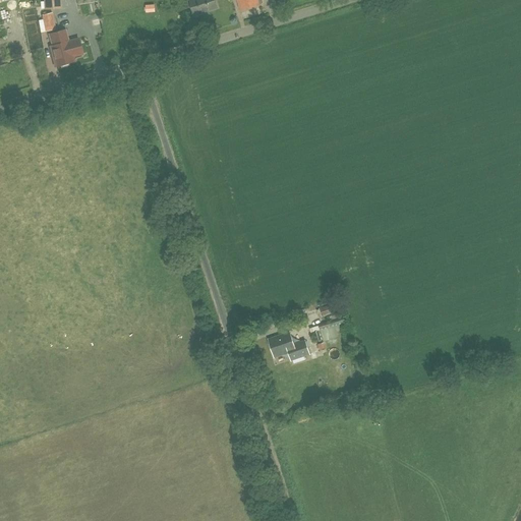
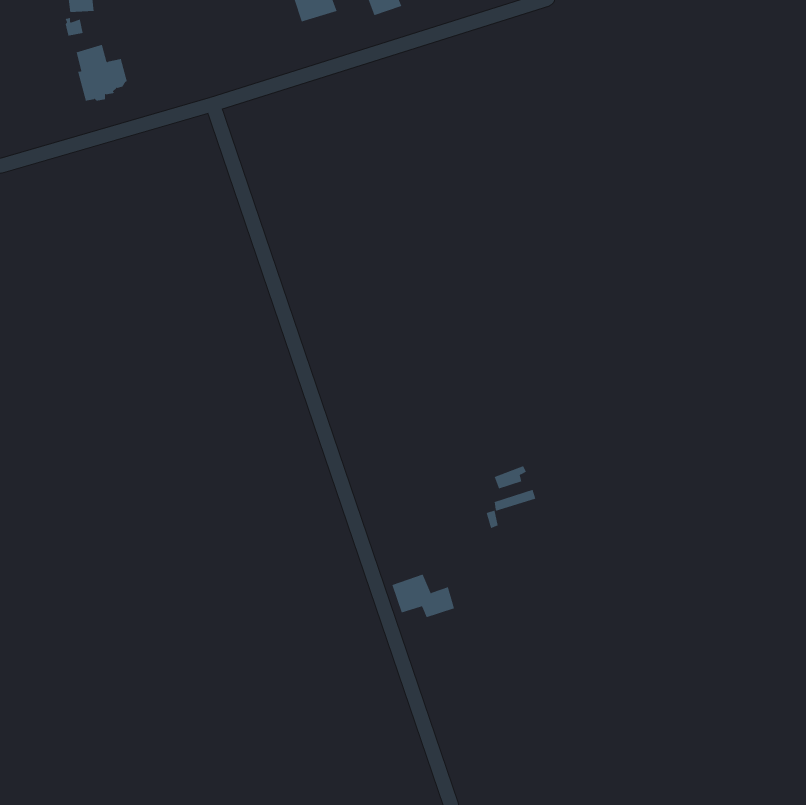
building: [269,331,309,359] -> [392,574,455,618]

